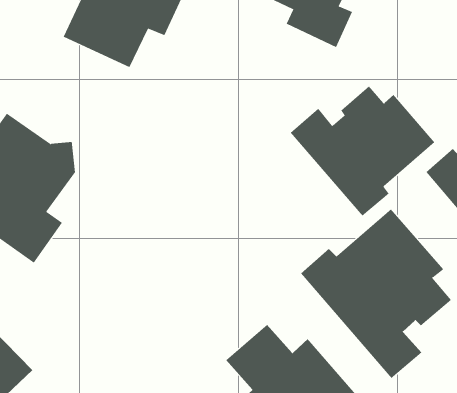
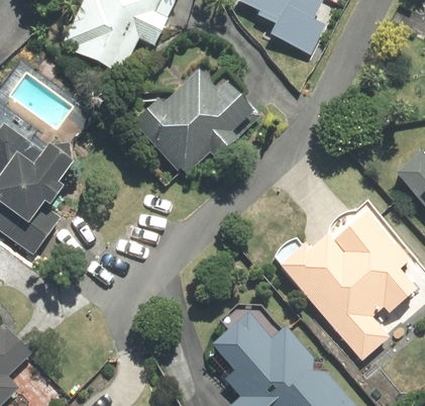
building: none -> [131,65,263,177]
building: [290,86,435,217] -> none

